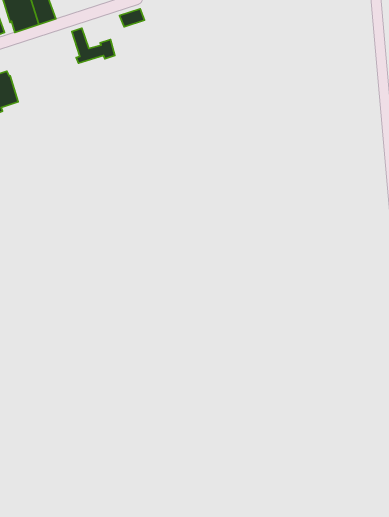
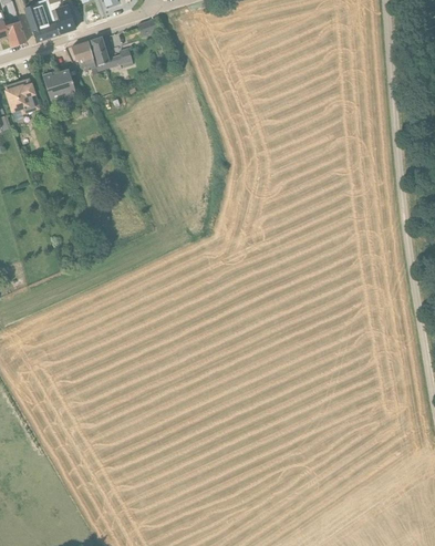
building: none -> [71,40,97,73]
building: none -> [42,66,77,101]

